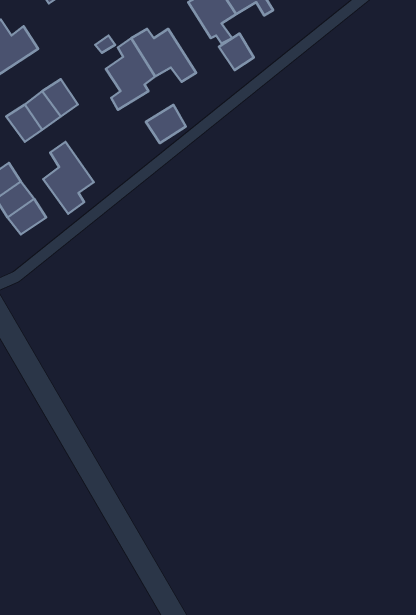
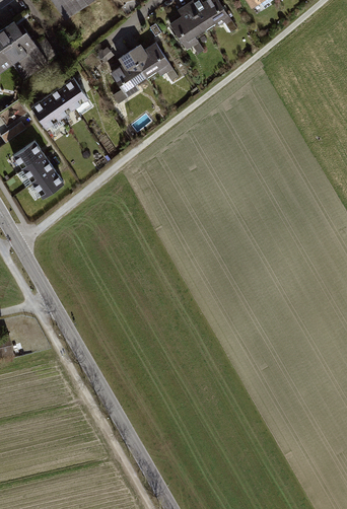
building: [219,34,254,70] -> none
building: [146,105,186,143] -> none
building: [43,142,94,214] -> none

